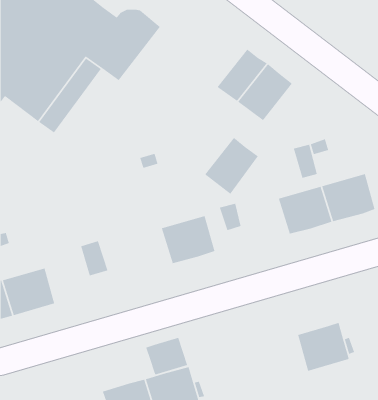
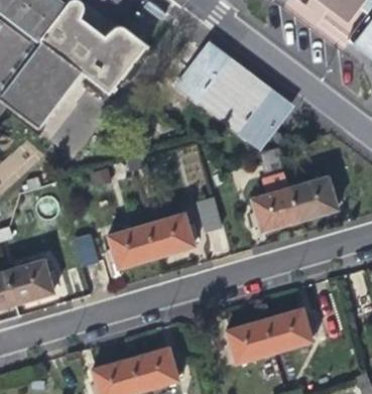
building: none -> [176,50,222,99]
building: [204,137,259,195] -> [236,96,284,147]
building: none -> [105,224,155,267]
building: none -> [227,318,275,363]
building: [145,337,188,376] -> none

